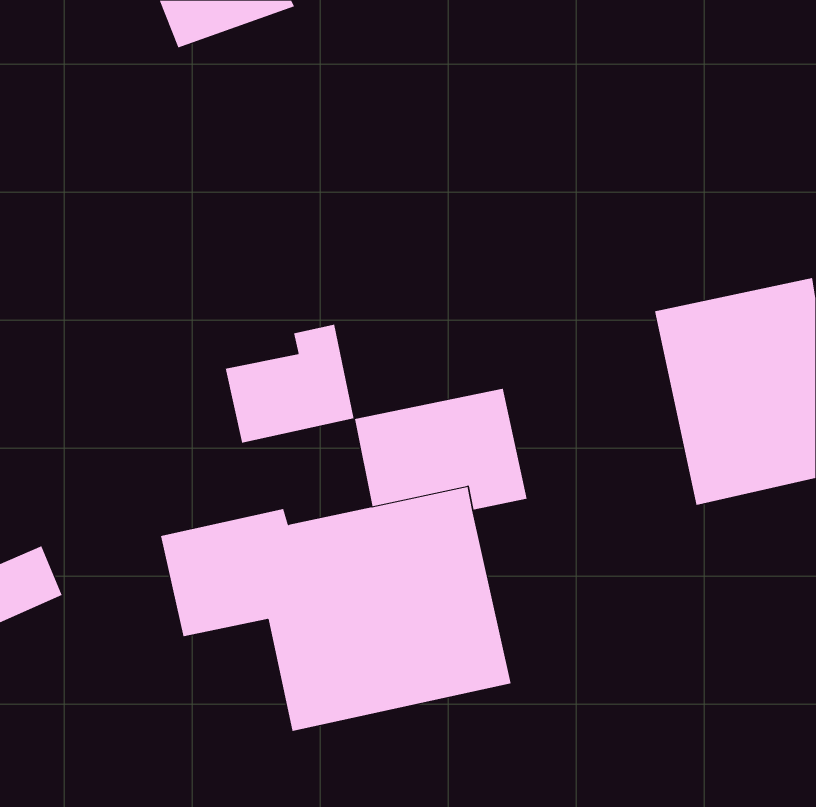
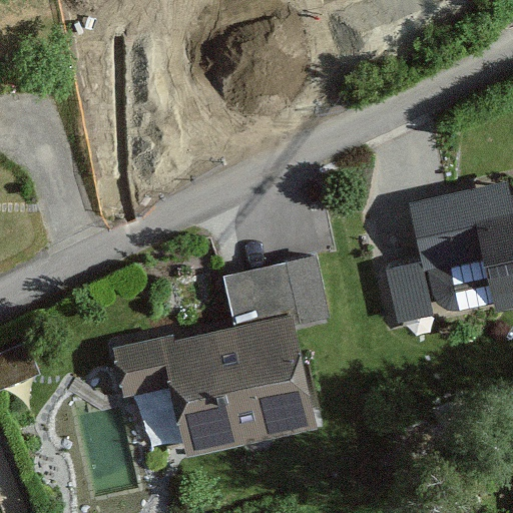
building: [225,324,354,443] -> none

